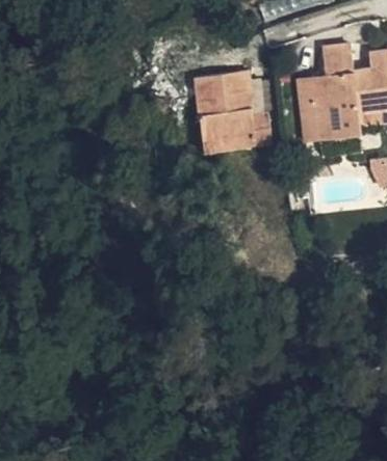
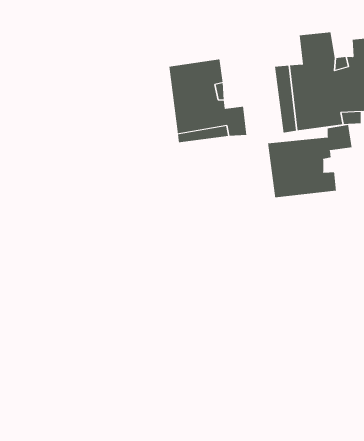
building: none -> [268,124,352,198]

